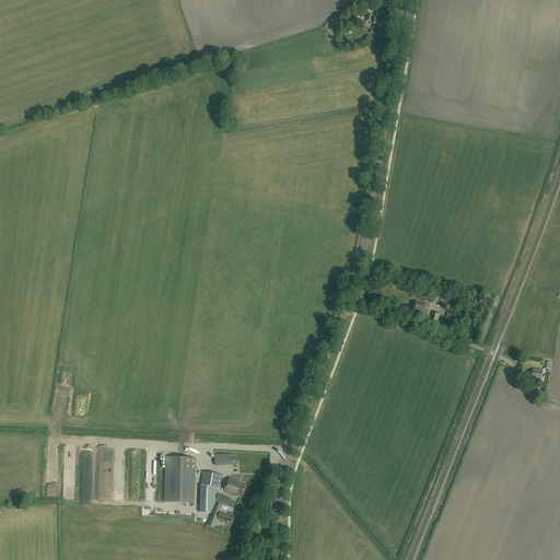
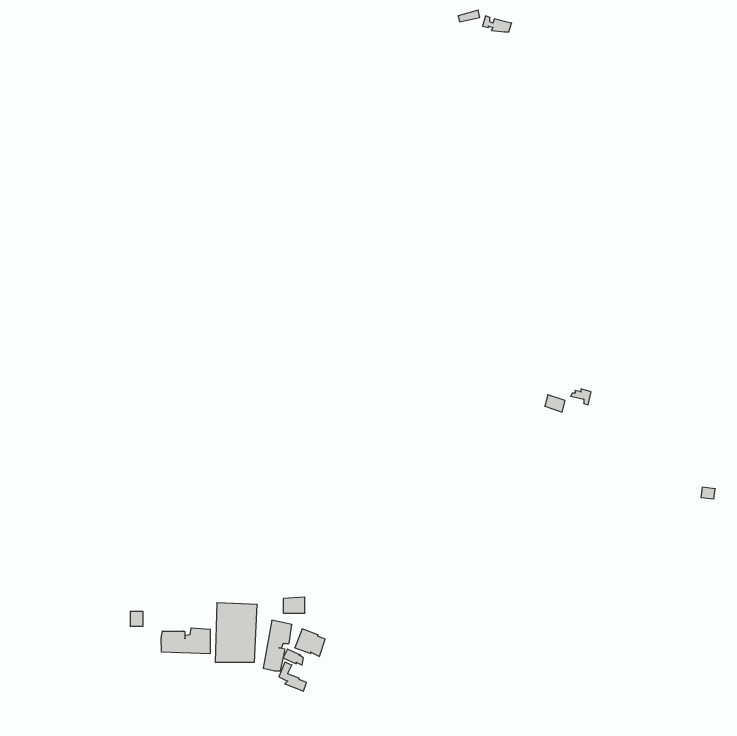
building: none -> [161,628,210,654]

